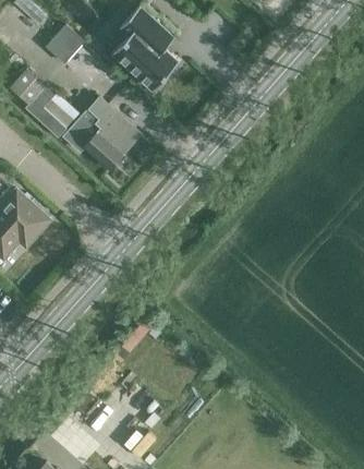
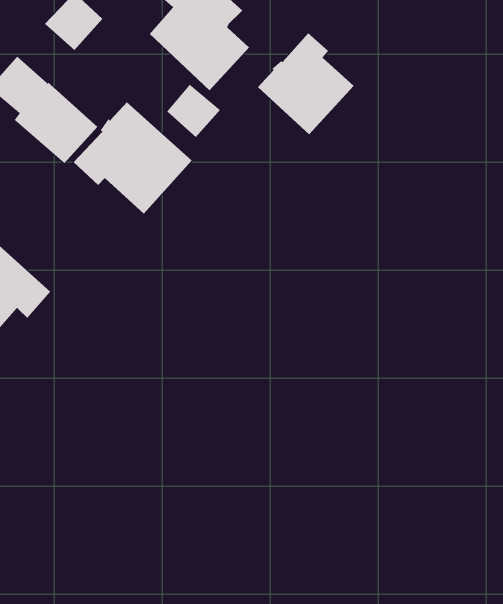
building: none -> [257,32,354,135]
building: none -> [166,84,221,138]

